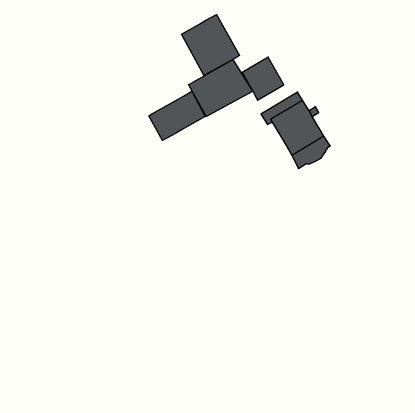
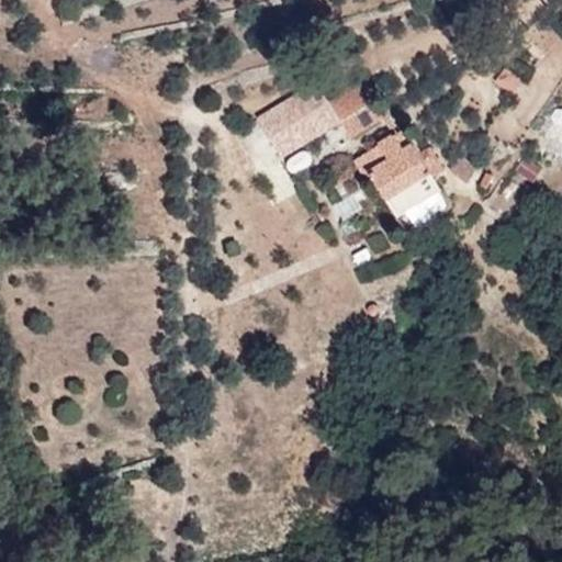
building: [182,15,240,76] -> none
building: [149,91,205,140] -> none

